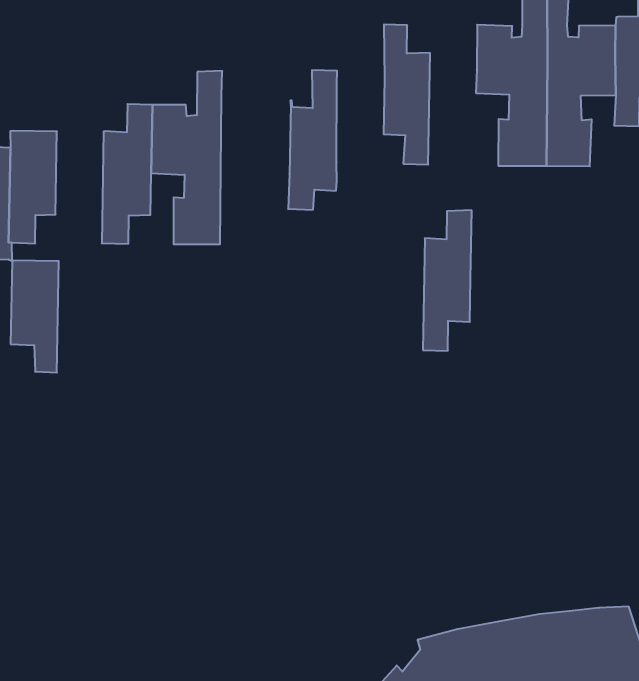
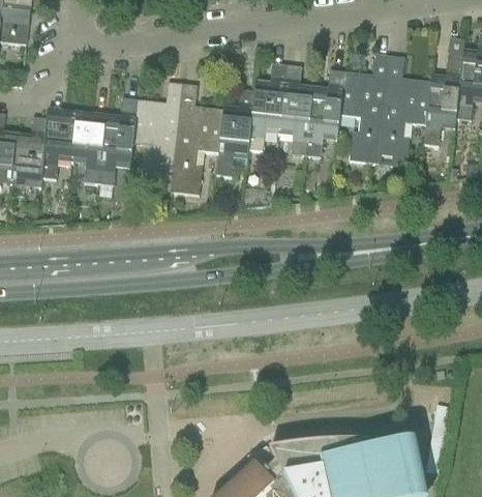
building: none -> [249,63,288,150]
building: none -> [172,84,224,195]
building: [423,210,472,351] -> [306,70,345,157]
building: [11,261,59,373] -> [71,111,107,183]

